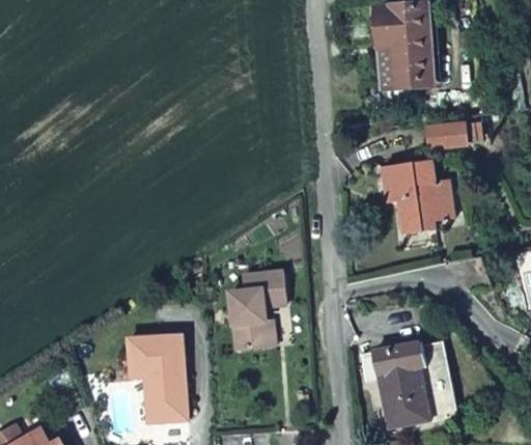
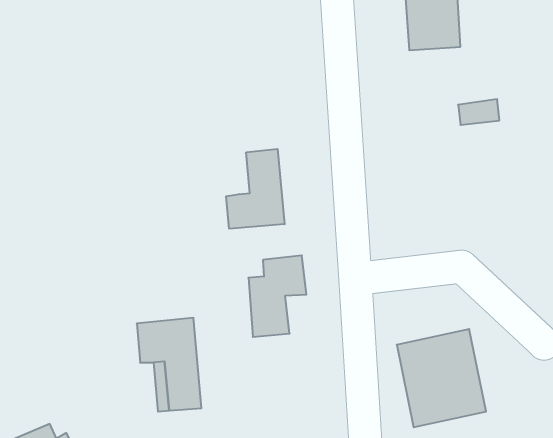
building: [380,161,451,235] -> none
building: none -> [226,149,285,229]

